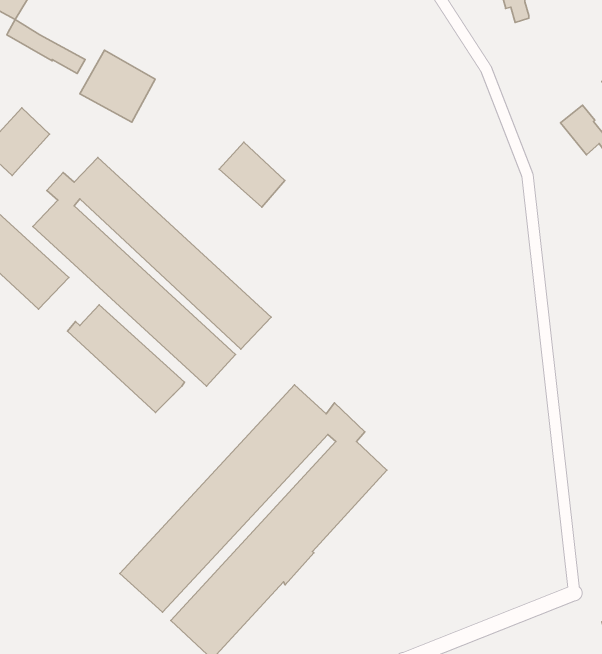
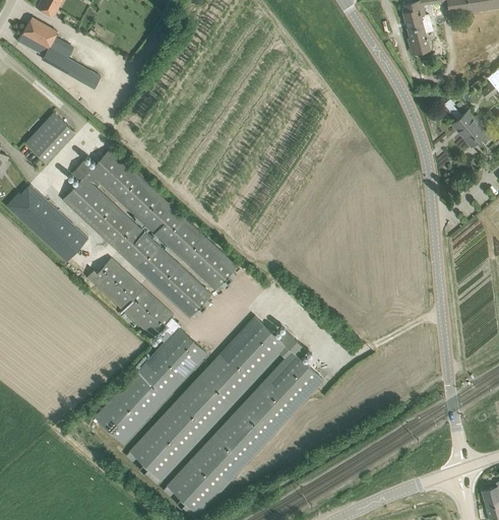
building: [80,50,155,122] -> none
building: [219,142,285,207] -> none
building: none -> [91,318,206,444]

